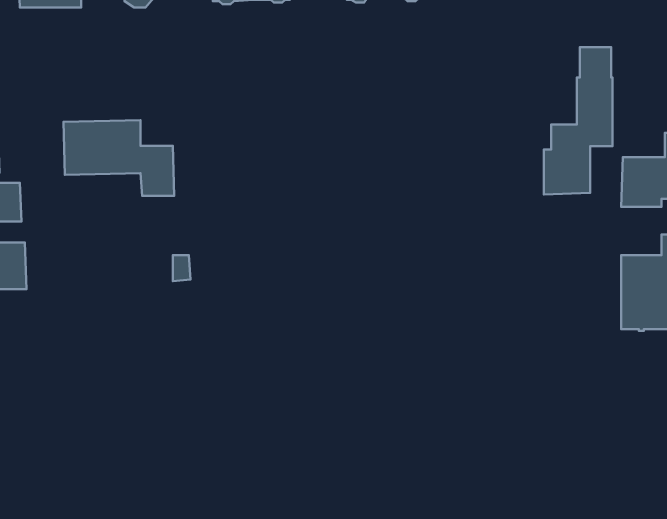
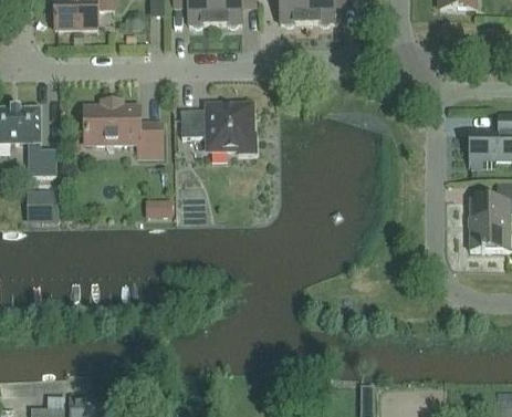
building: [544,47,613,195] -> none
building: none -> [179,104,254,152]

